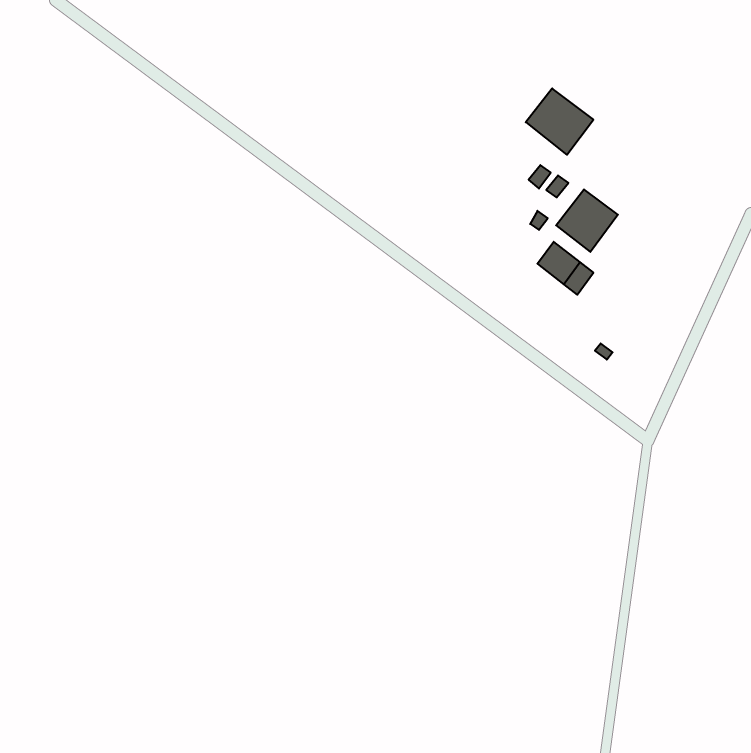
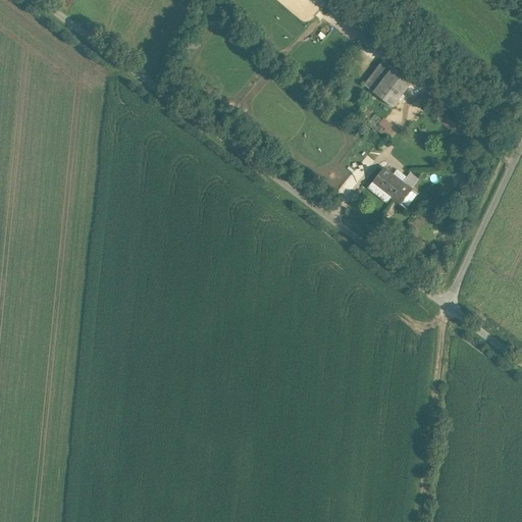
building: [556,189,618,252] -> none

